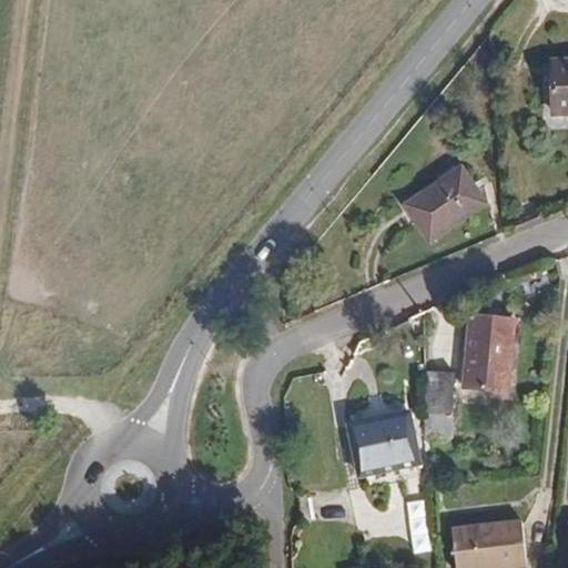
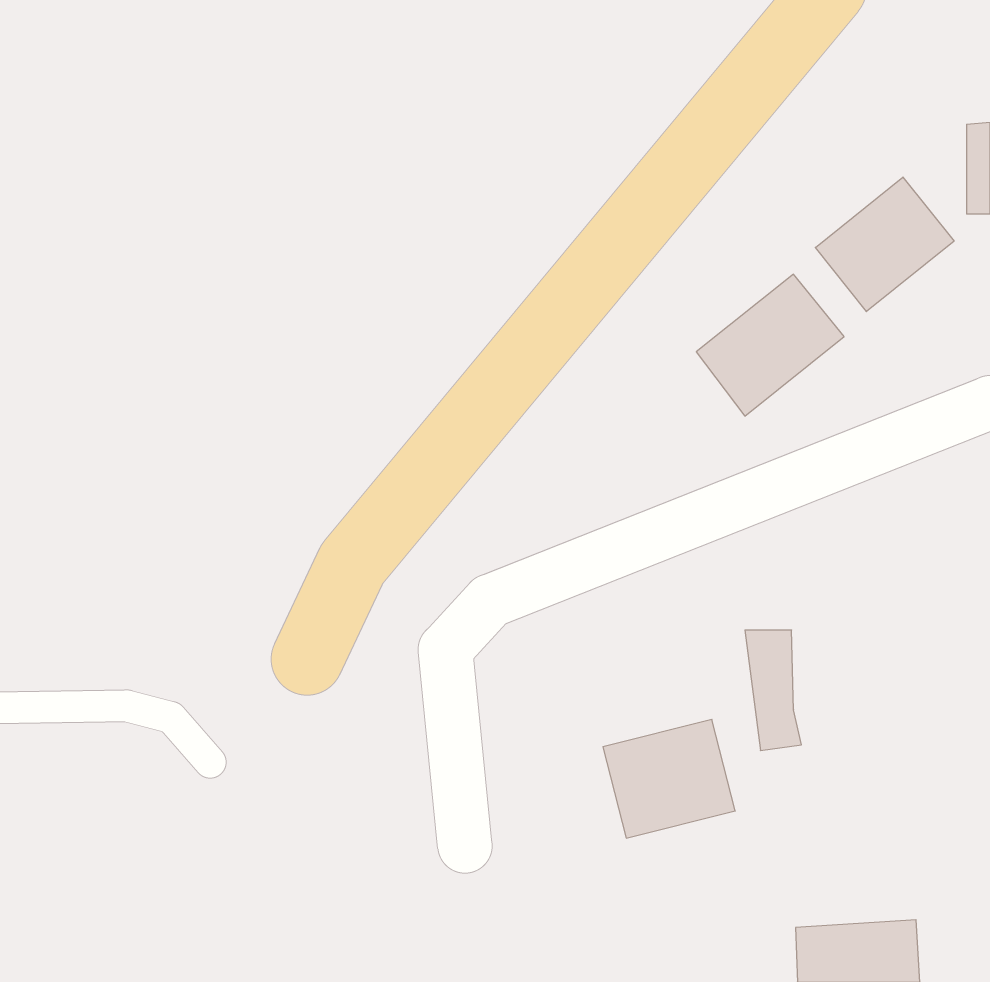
building: none -> [815,177,954,312]
building: [470,321,515,393] -> none

